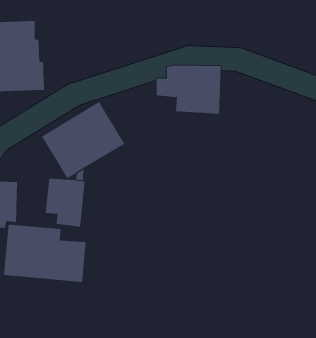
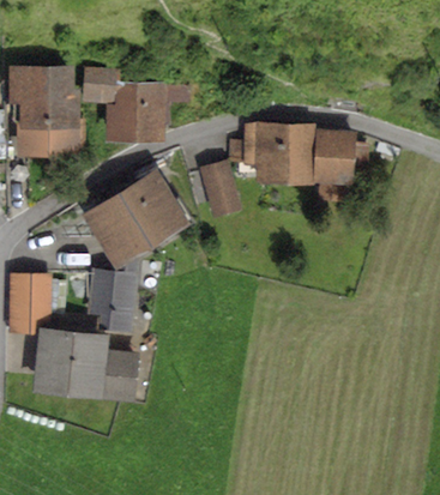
building: none -> [83,67,187,139]
building: none -> [314,129,367,204]
building: none -> [199,162,241,221]

